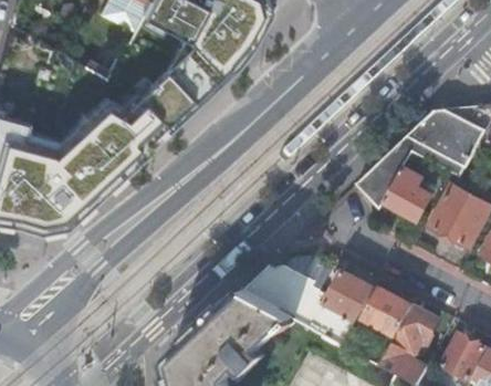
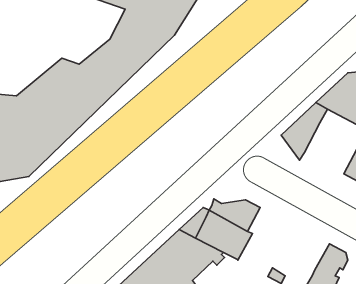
building: [386,167,432,219] -> none
building: [326,270,375,320] -> none
building: [364,286,415,336] -> none

